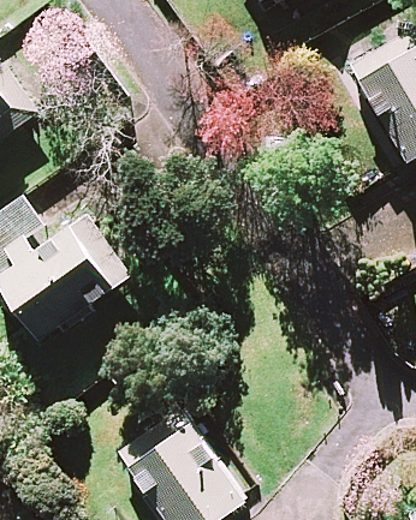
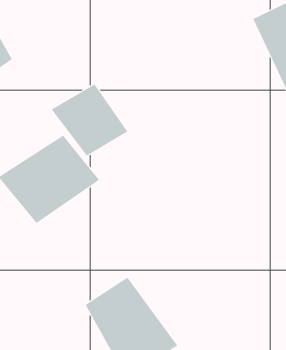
building: none -> [51,84,128,157]

